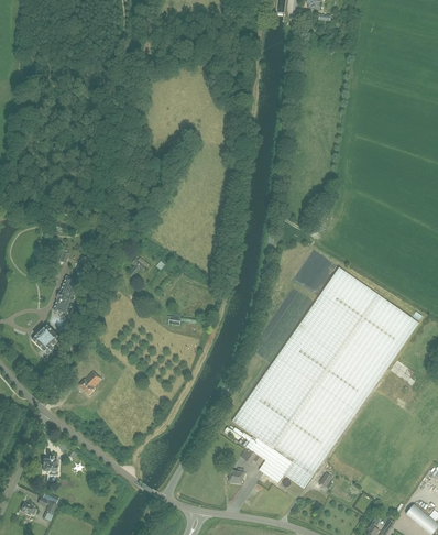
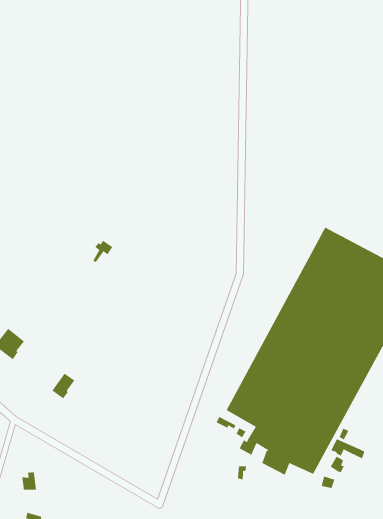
building: [53,275,79,314] -> none

